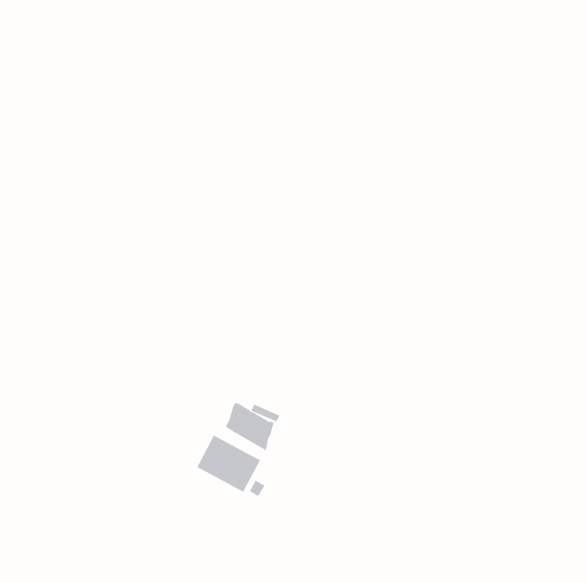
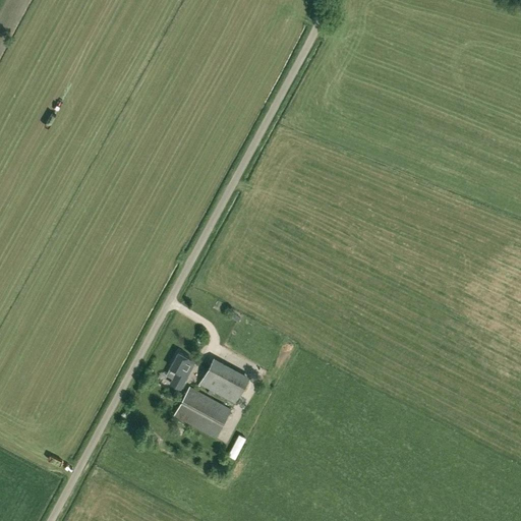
building: none -> [170,354,194,391]

